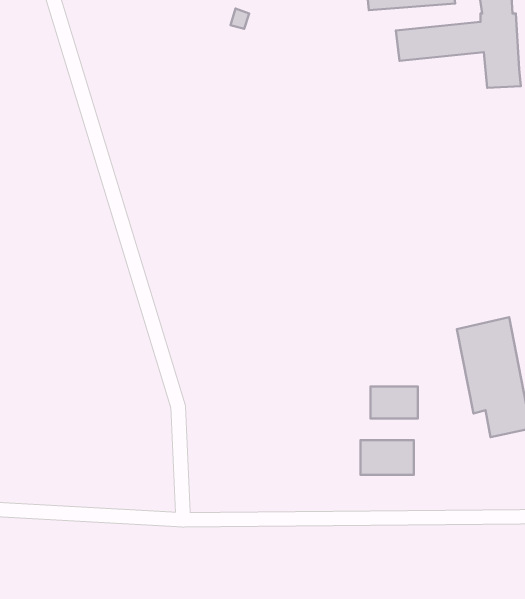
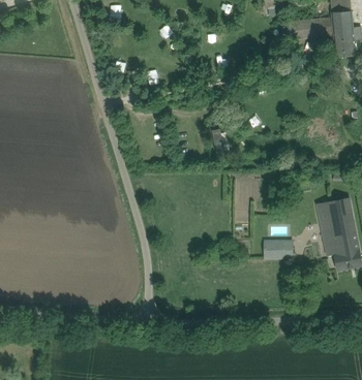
building: [361,440,414,475] -> none

